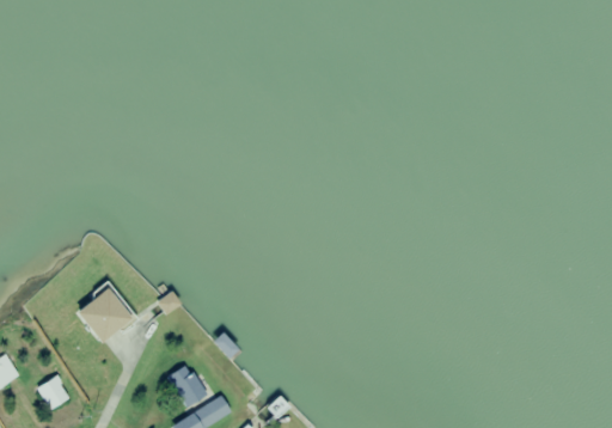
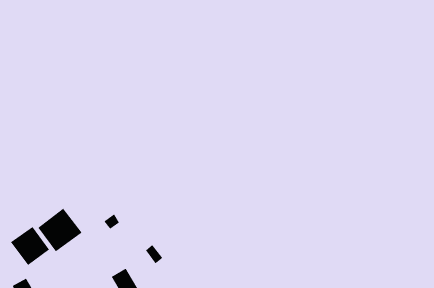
building: none -> [10,226,50,266]

